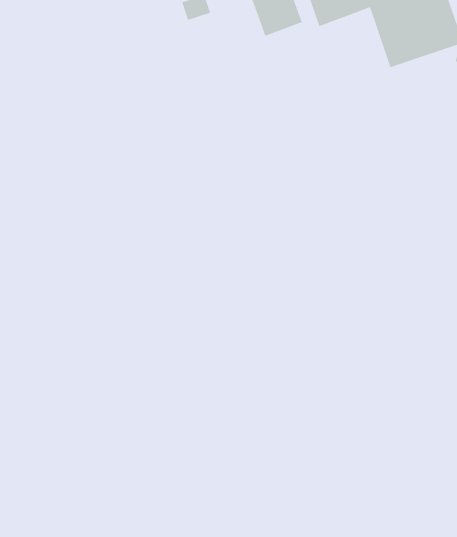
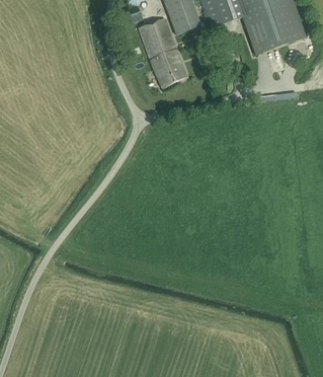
building: none -> [139,17,186,87]

